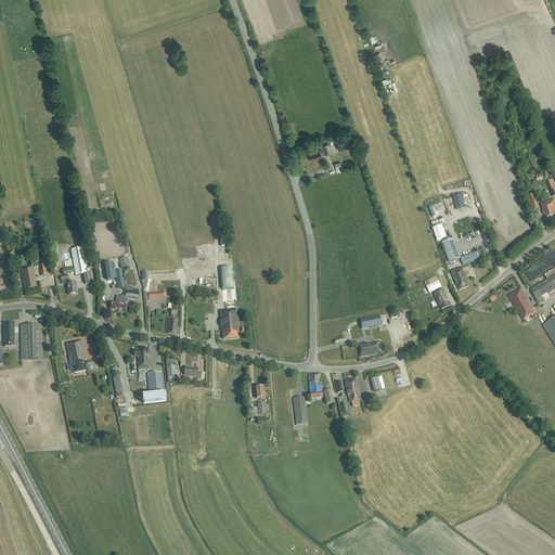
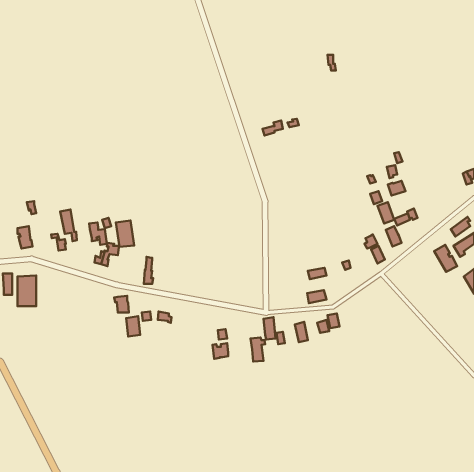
building: none -> [116,220,134,247]
building: [219,307,238,337] -> none
building: [66,338,87,371] -> none

